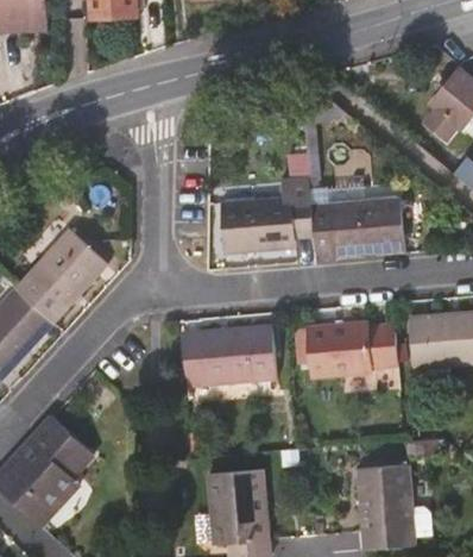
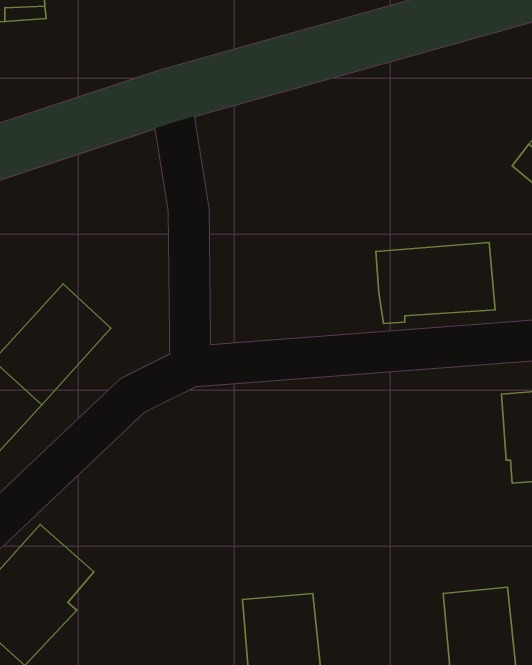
building: [217,180,310,256] -> none
building: [303,324,396,377] -> none
building: [182,325,275,386] -> none

